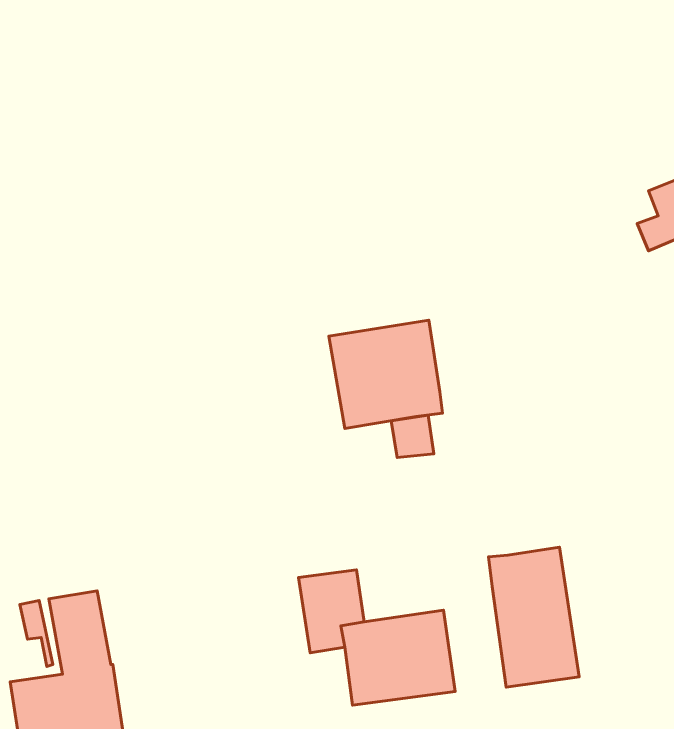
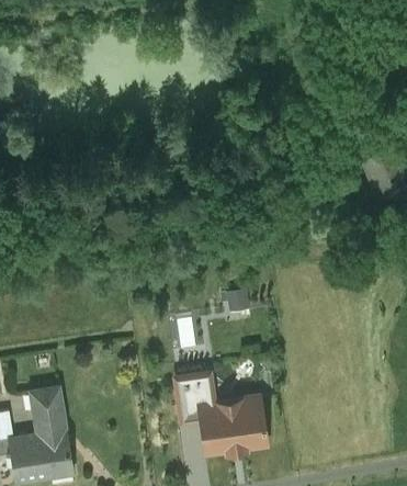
building: [329,320,443,428] -> none
building: [488,547,579,687] -> none

